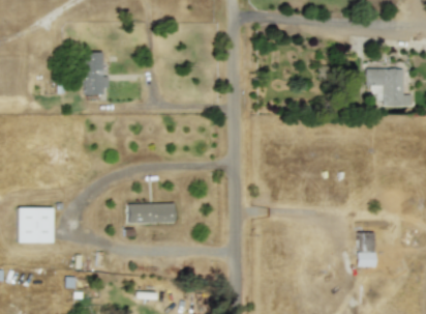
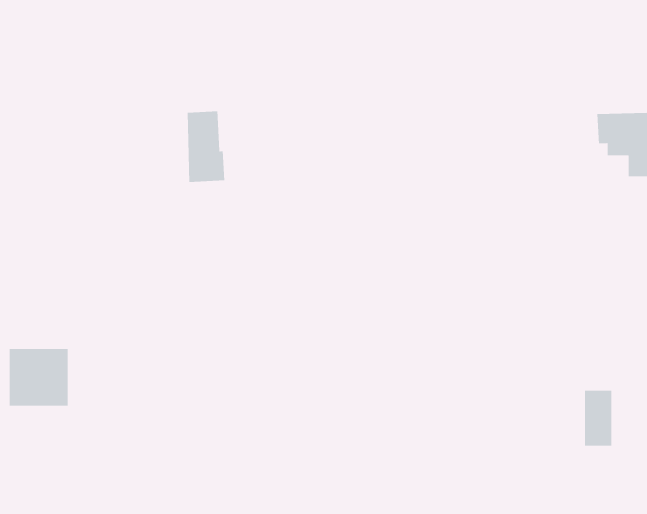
building: [85,53,108,95] -> [187,111,225,182]
building: [128,203,176,223] -> none

